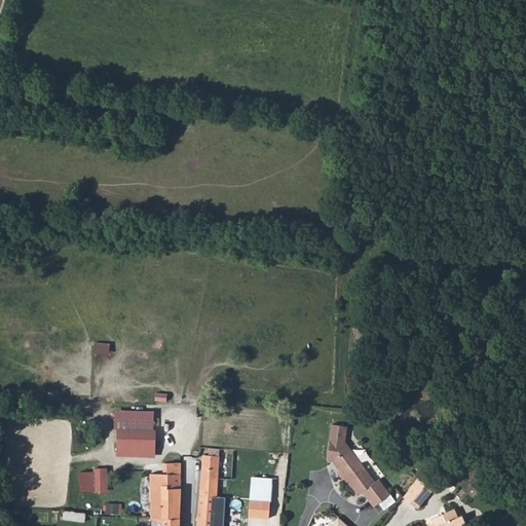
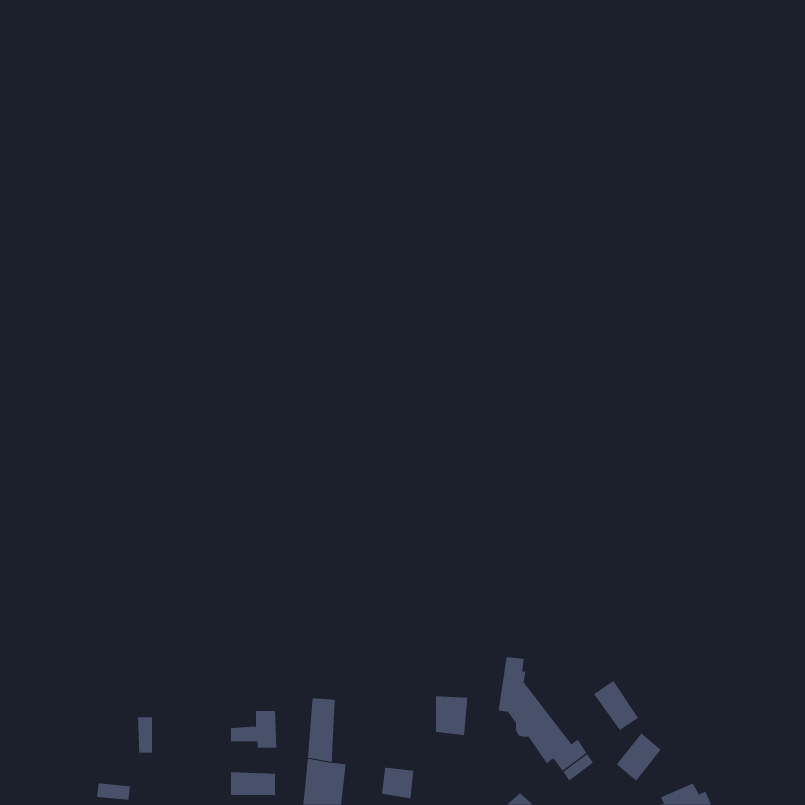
building: [114,417,155,456] -> none
building: none -> [593,680,639,731]
building: [251,477,272,502] -> [435,696,468,735]
building: [150,484,181,504] -> none

